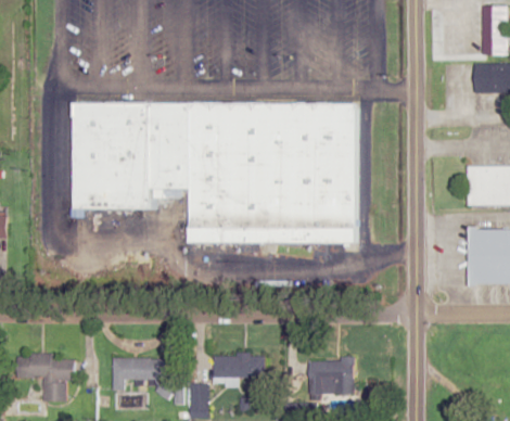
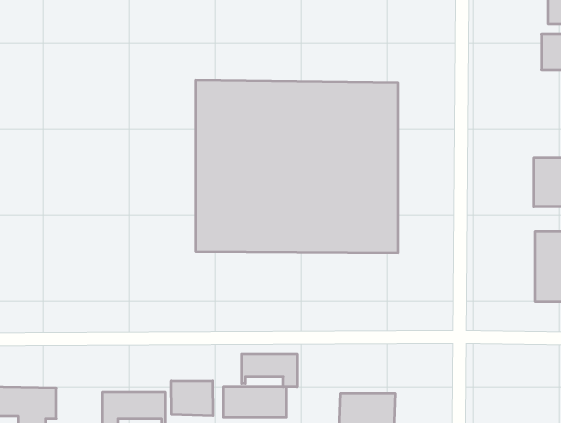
building: [73,102,189,209] -> none
building: none -> [242,354,297,387]
building: none -> [171,381,213,416]

